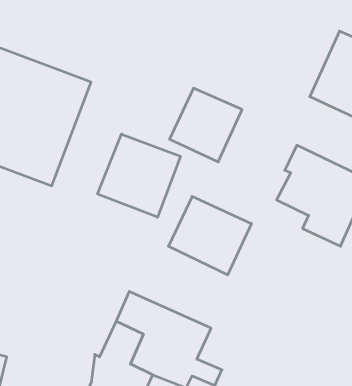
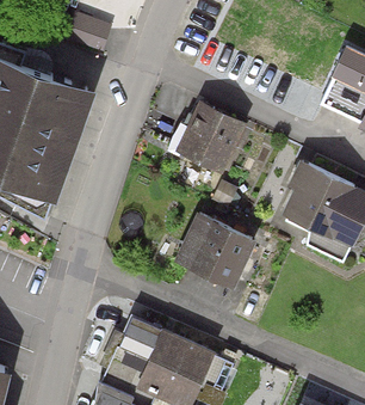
building: [98,134,180,217] -> none

